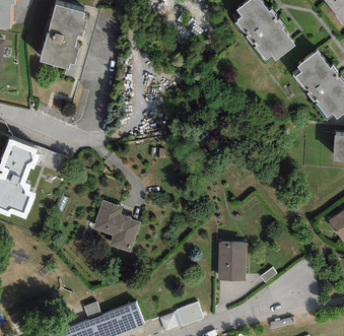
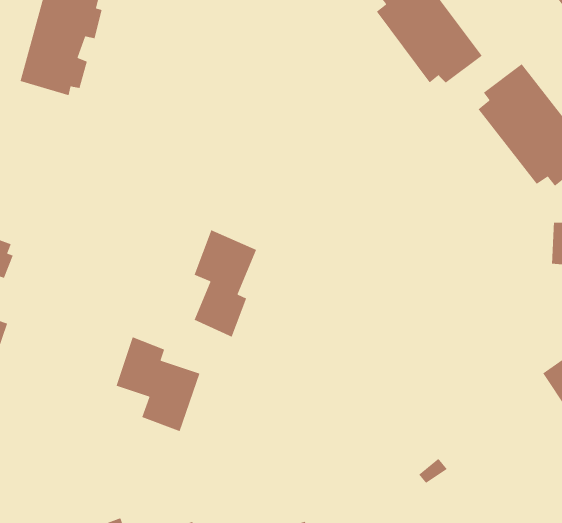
building: none -> [193,229,257,338]
building: [217,242,247,280] -> none

